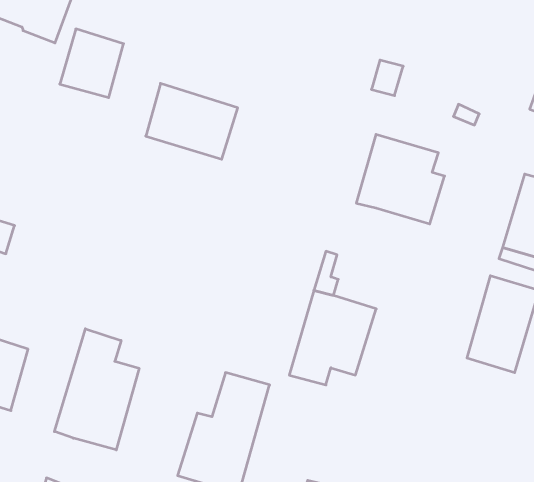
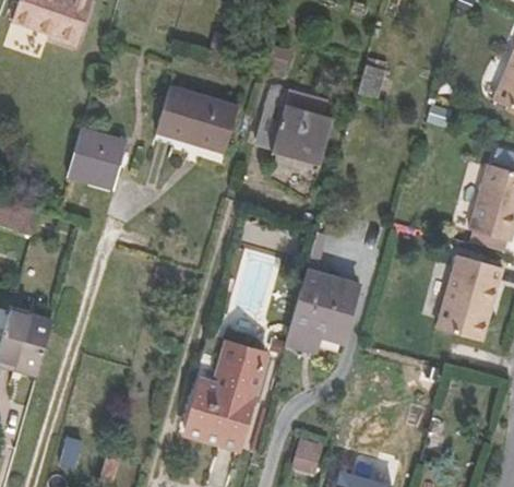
building: [60,29,124,98] -> [68,127,124,188]
building: [356,134,445,224] -> [253,82,332,162]
building: [54,329,139,450] -> none

